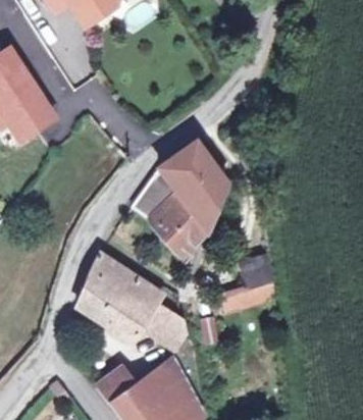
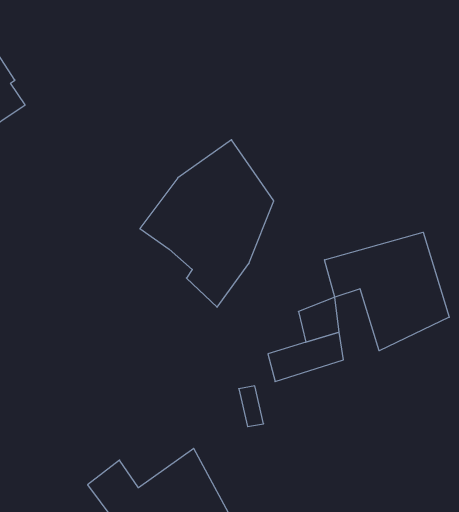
building: none -> [325,232,449,351]
building: [80,252,189,346] -> none

